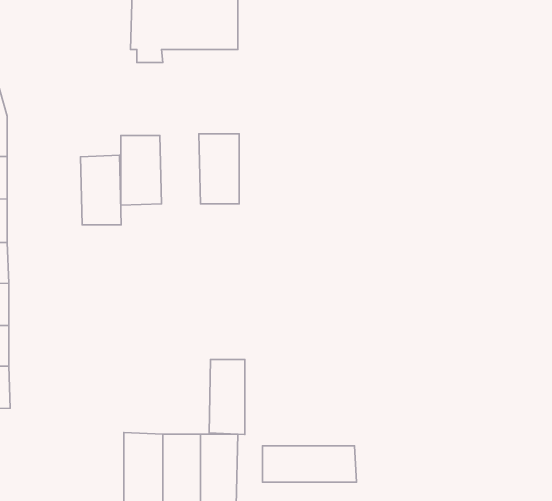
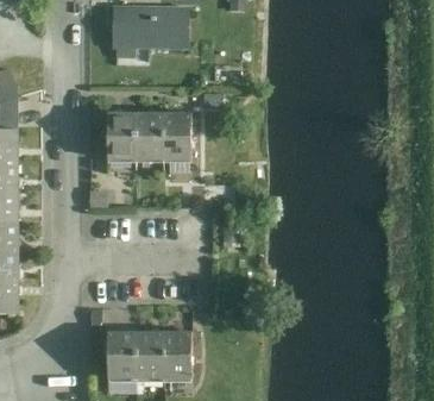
building: [81,155,121,225] -> [130,111,159,162]
building: [209,360,245,435] -> none
building: [262,446,357,482] -> none

